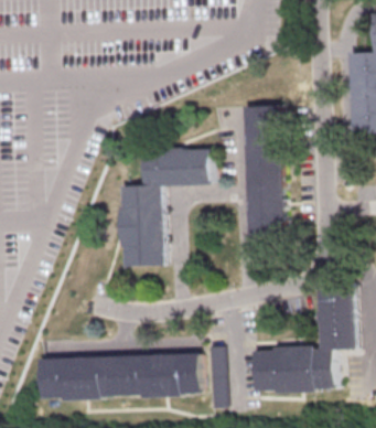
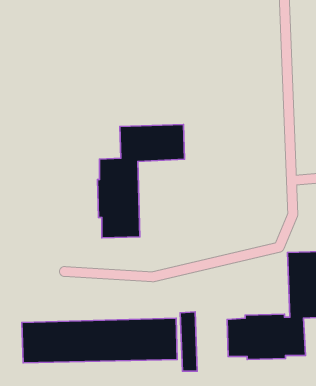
building: [244,107,286,238] -> none

